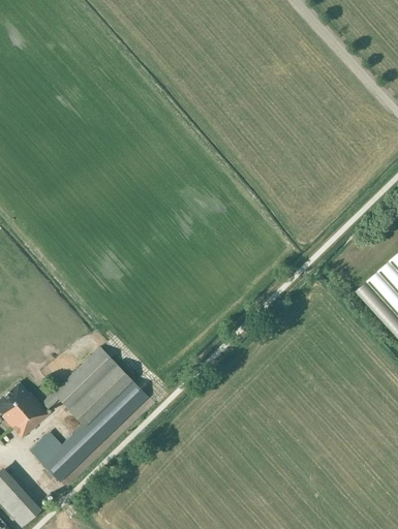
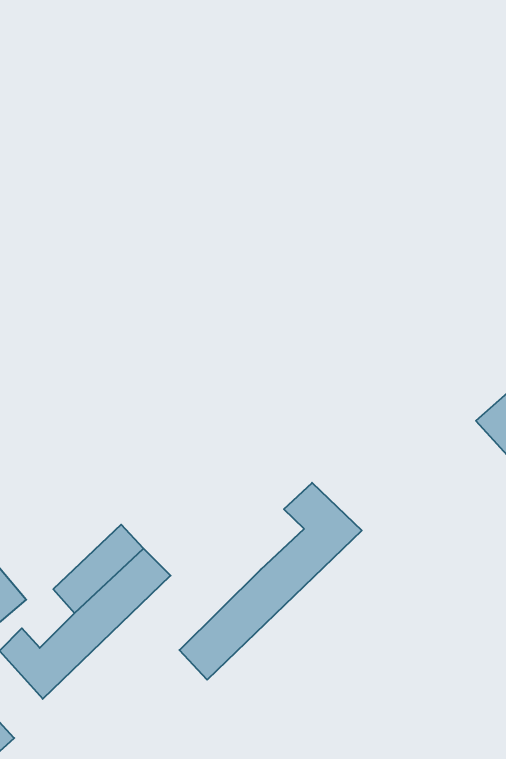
building: none -> [179,483,362,680]
building: [54,347,115,407] -> none

